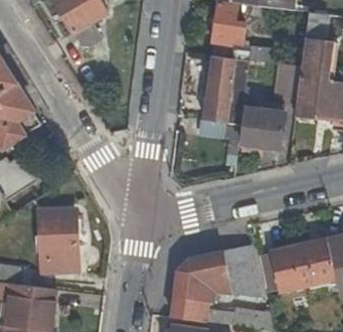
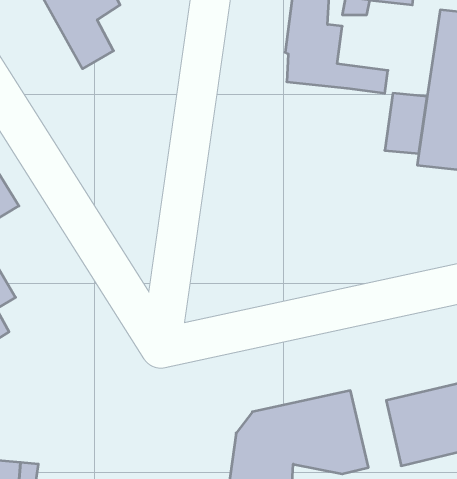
building: [201,55,246,124] -> none
building: [238,108,280,152] -> none
building: [44,213,81,274] -> none

